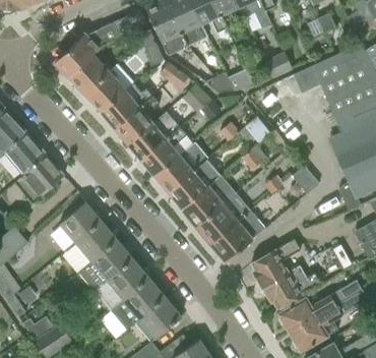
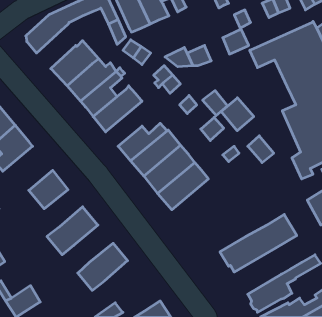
building: [68,53,110,94] -> none
building: none -> [221,98,254,131]
building: [141,128,193,176] -> none
building: [211,211,265,261] -> none
building: [76,222,117,261] -> none
building: [251,238,312,288] -> none
building: [96,259,149,310] -> none
building: [280,281,363,333] -> none
building: [140,297,181,338] -> none

